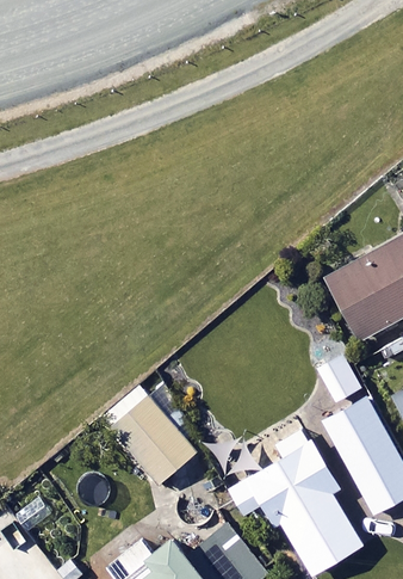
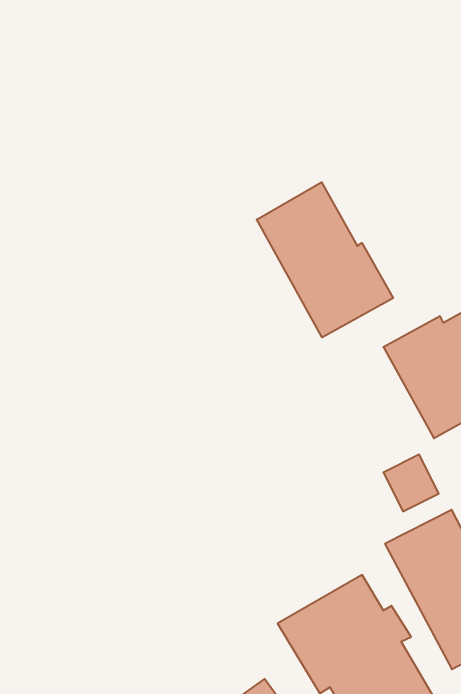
building: none -> [257,182,393,337]
building: [104,386,206,483] -> none

